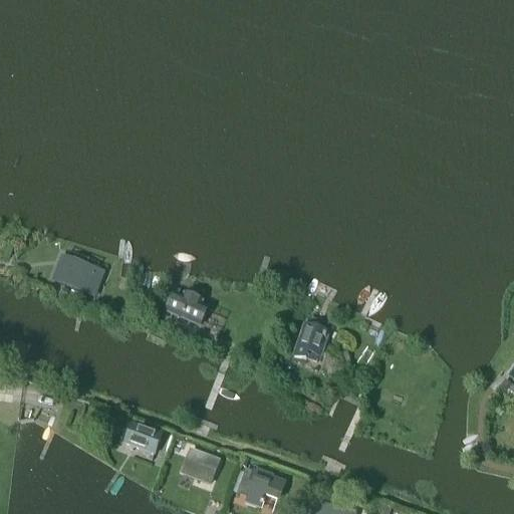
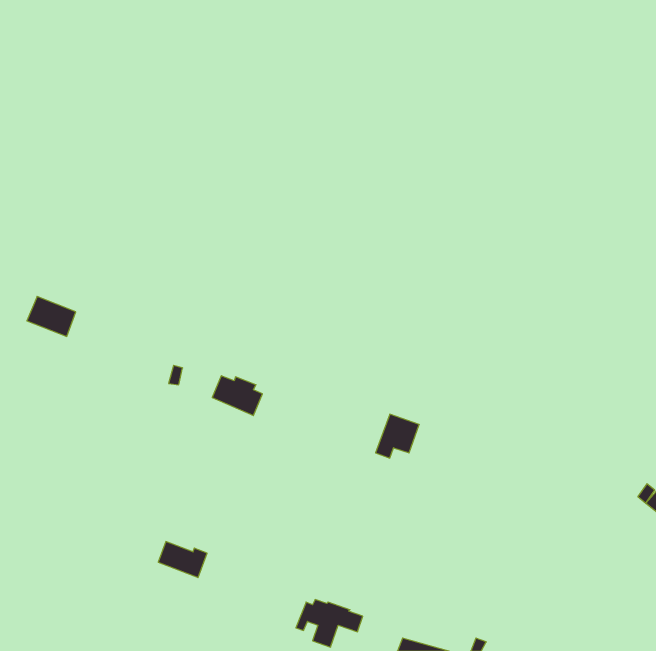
building: [58,258,96,289] -> [27,296,76,336]
building: [184,448,218,482] -> none

